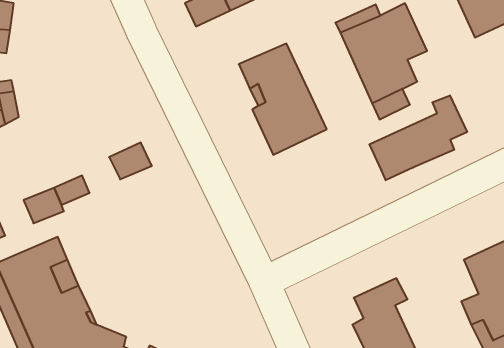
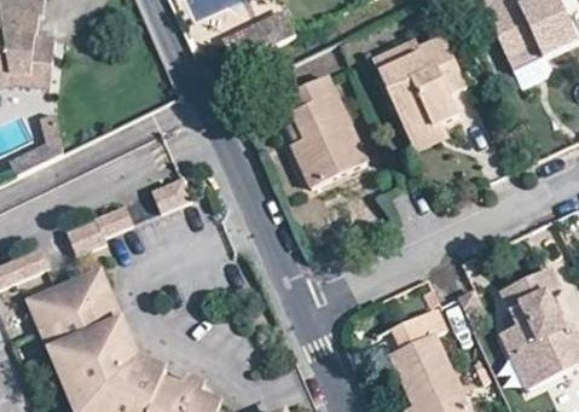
building: [369,95,467,180] -> none

